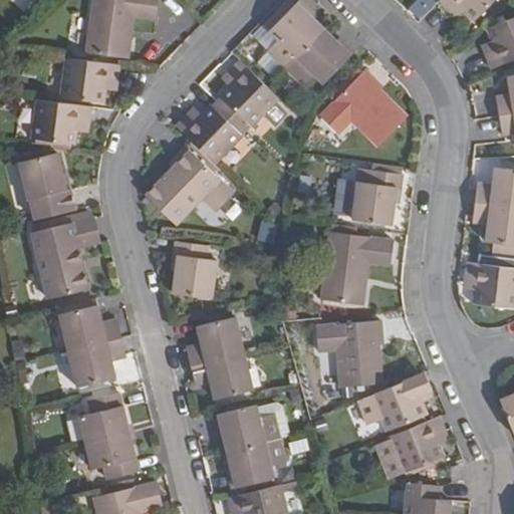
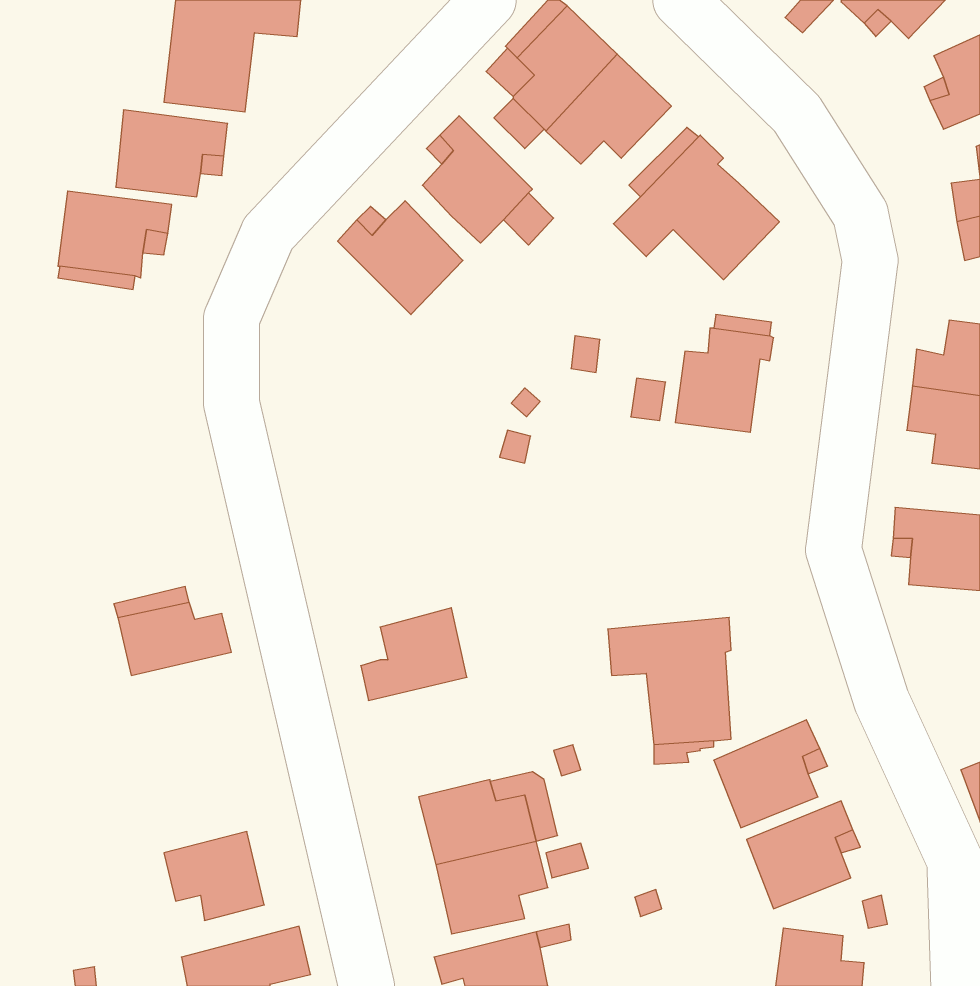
building: [146,147,232,225] -> none
building: [18,154,71,210] -> none
building: [31,218,100,299] -> none
building: [320,232,392,305] -> none
building: [173,242,216,298] -> none
building: [68,339,124,388] -> none
building: [192,352,252,398] -> none
building: [78,395,128,444] -> none

